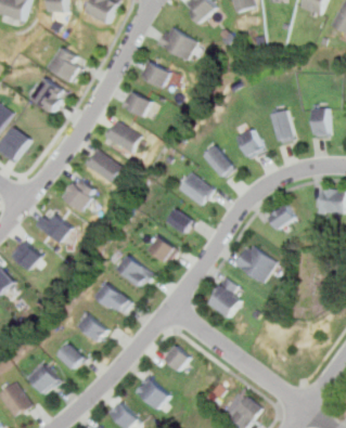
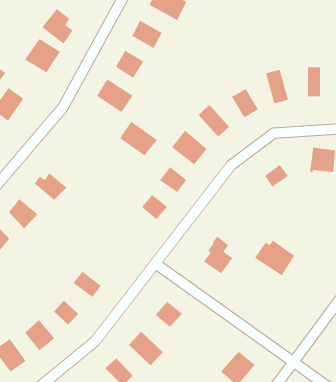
building: [80,147,119,183] -> [119,121,158,156]
building: [61,178,94,212] -> none
building: [234,247,275,284] -> [254,240,295,276]
building: [115,255,151,289] -> none
building: [94,282,130,316] -> none

